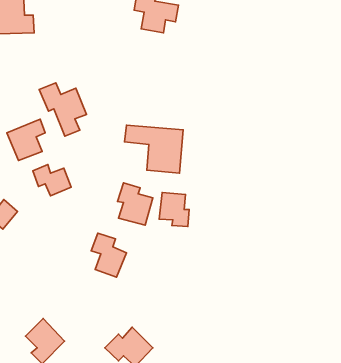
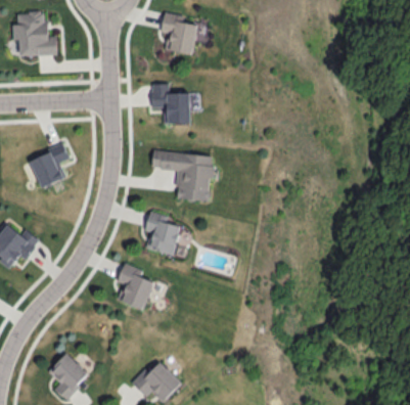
building: none -> [150,84,190,124]
building: [39,83,86,136] -> none
building: [33,165,71,196] -> none
building: [159,192,189,227] -> none

